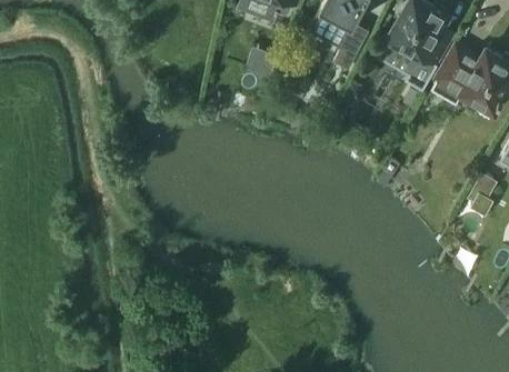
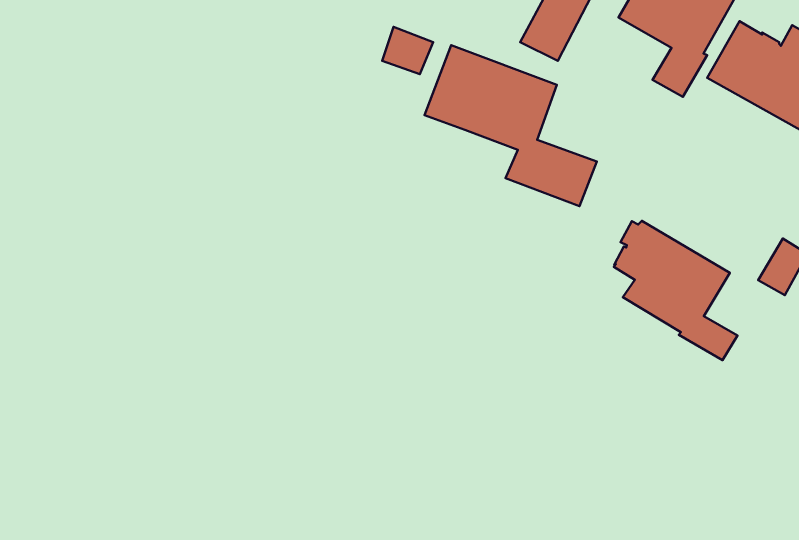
building: none -> [424,45,597,206]
building: none -> [614,221,737,360]

